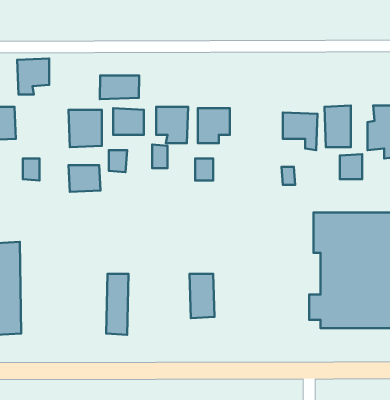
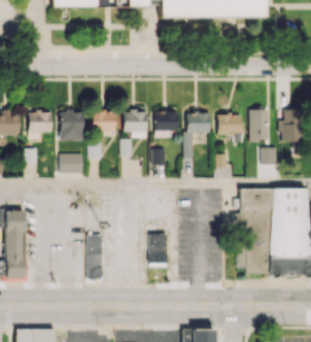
building: [17,58,49,95] -> [29,111,53,138]
building: [100,75,139,99] -> none
building: none -> [184,112,211,158]

